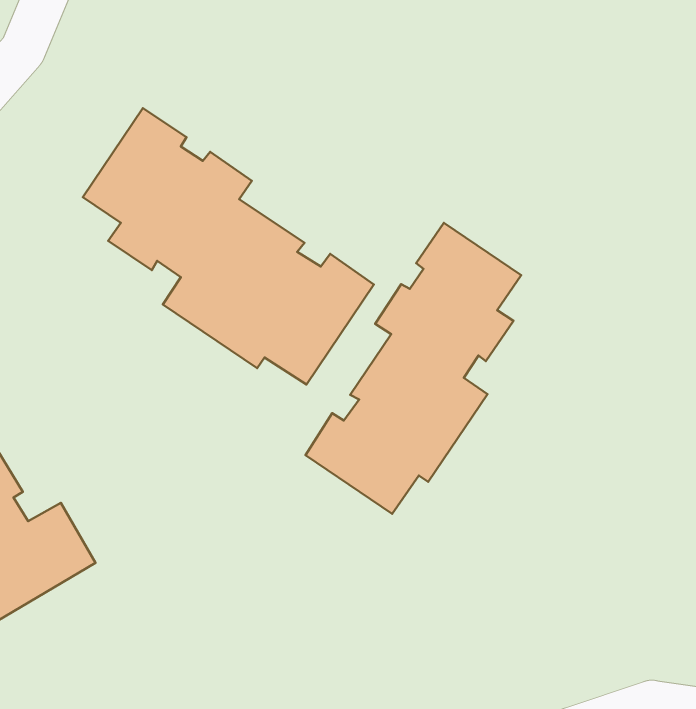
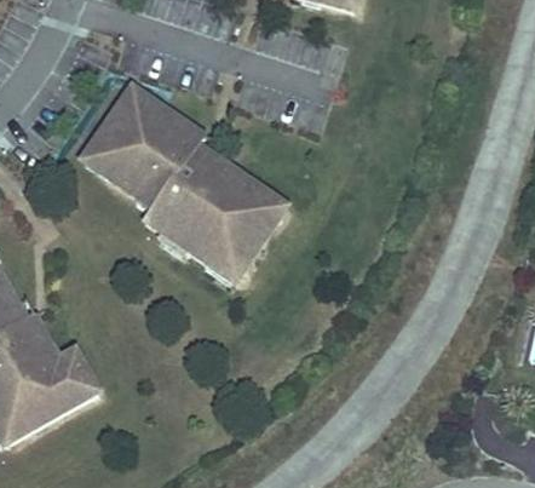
building: [305,223,521,514] -> none

